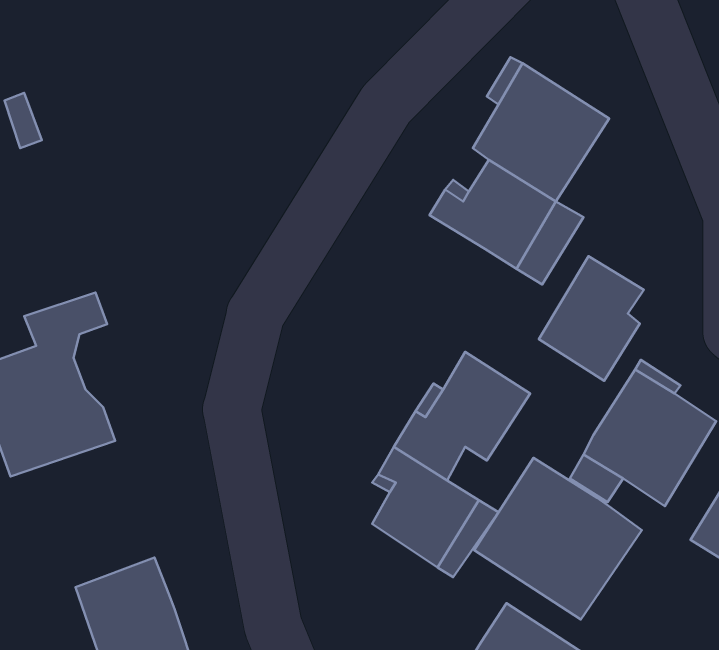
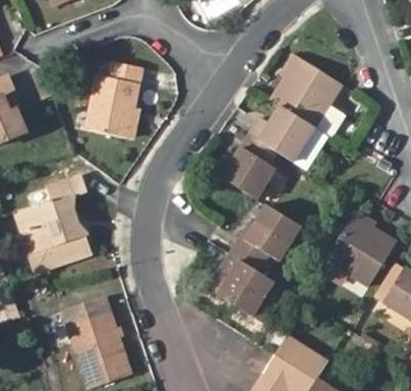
building: none -> [84,61,138,138]
building: [539,256,644,381] -> [226,133,280,198]
building: [474,458,642,620] -> none

